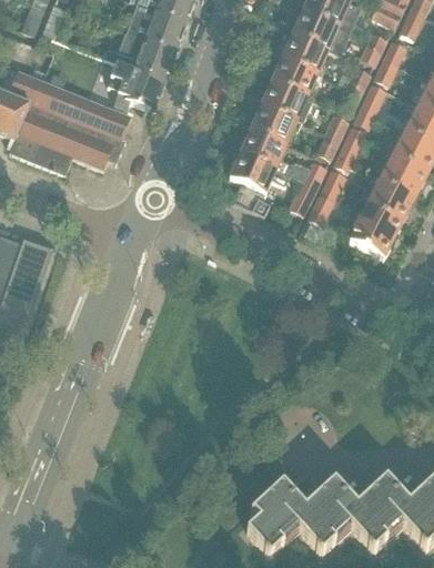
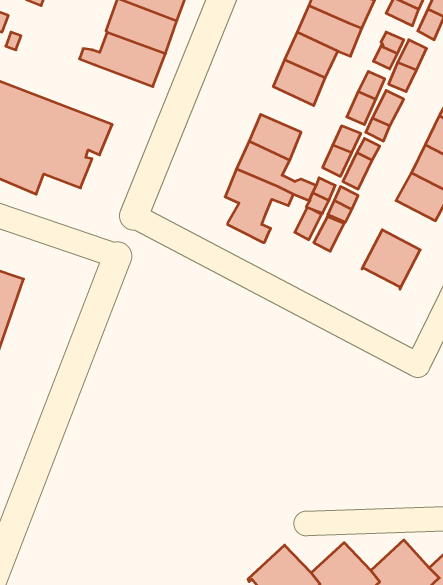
building: [109,59,166,106] -> none
building: [261,78,307,120] -> none
building: [367,178,414,221] -> none

